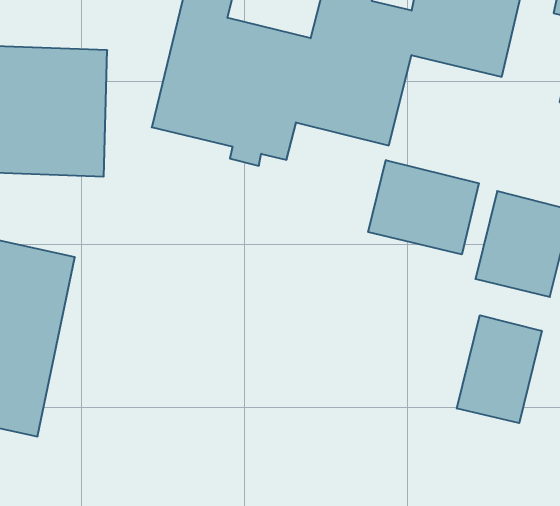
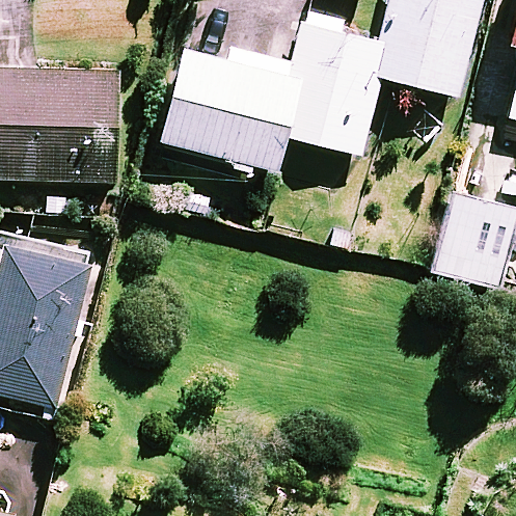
building: [368,160,479,254] -> none
building: [457,315,542,423] -> none

